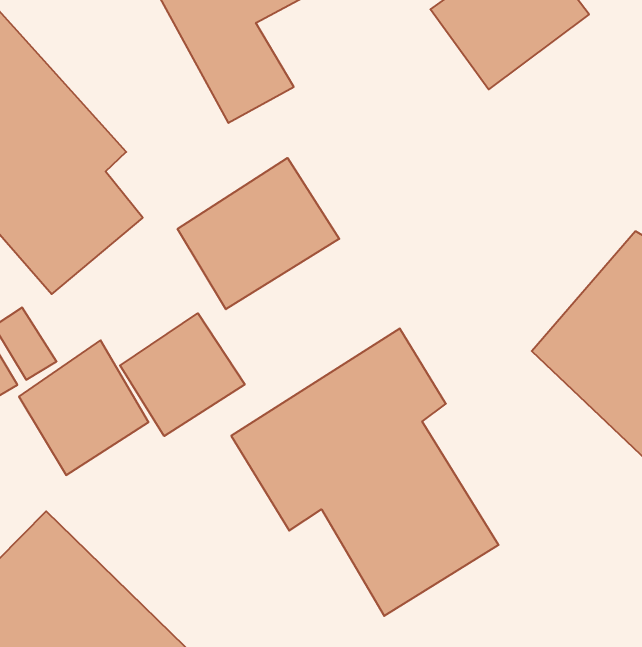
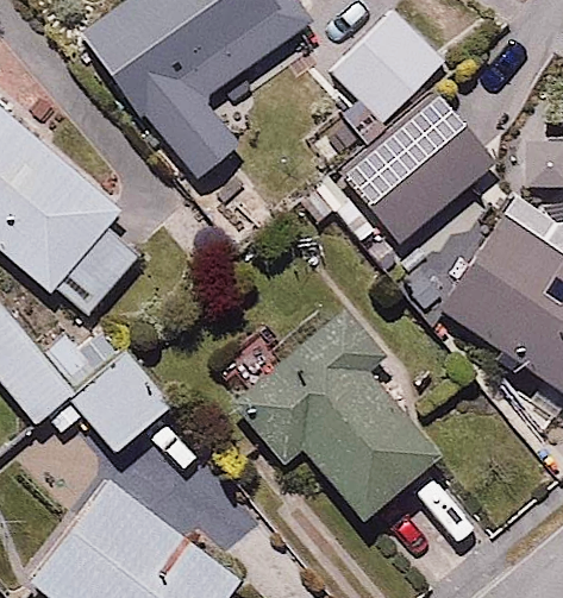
building: none -> [338,93,494,244]
building: [178,158,339,309] -> none
building: [120,313,245,436] -> none

